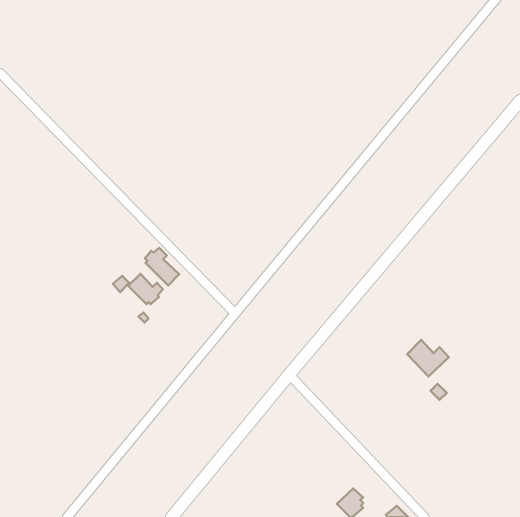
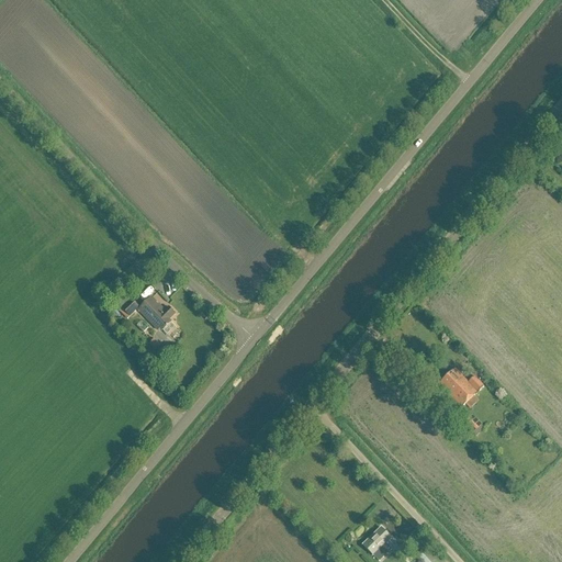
building: [145,248,179,285] -> none

